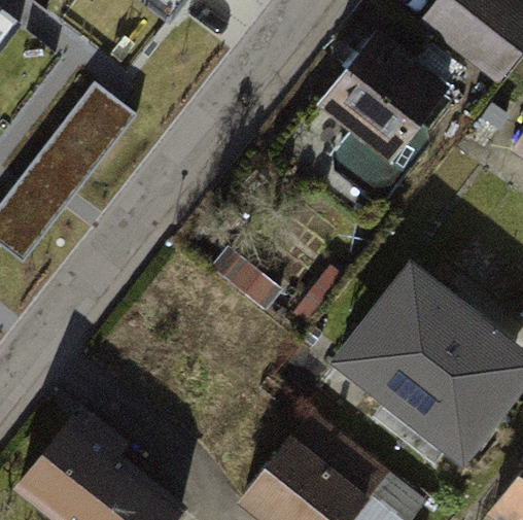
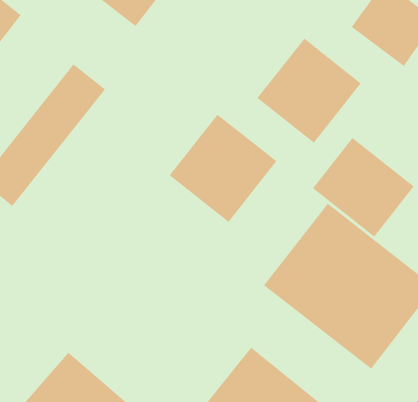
building: none -> [169,114,277,223]
building: none -> [312,137,415,238]

